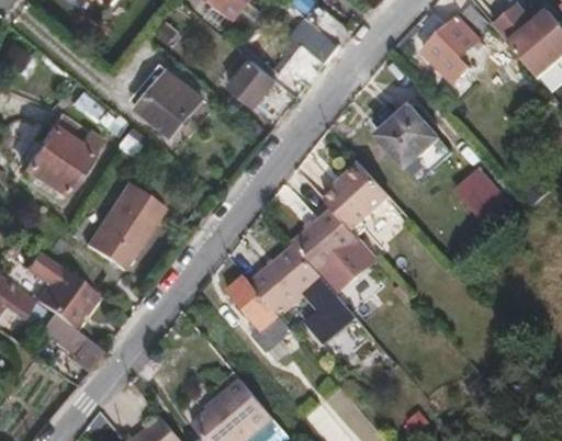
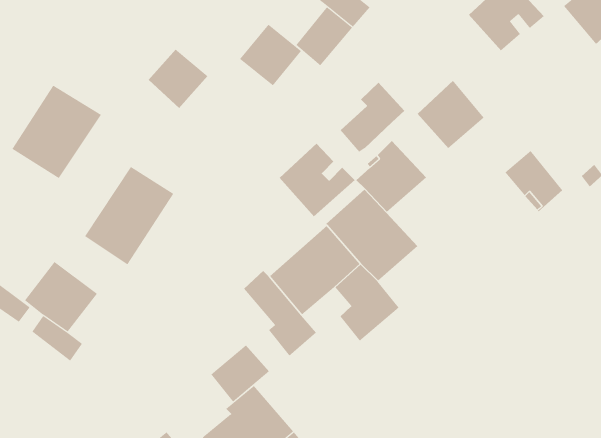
building: none -> [340,82,405,153]
building: none -> [279,143,356,217]
building: none -> [211,344,270,402]

